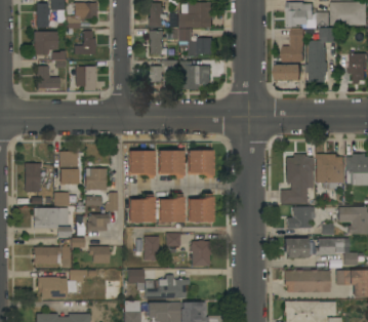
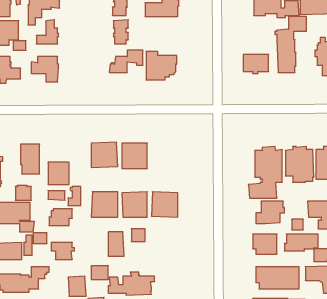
building: [179,29,211,56] -> none
building: [282,29,303,63] -> none
building: [186,150,212,175] -> none
building: [191,241,210,267] -> none

